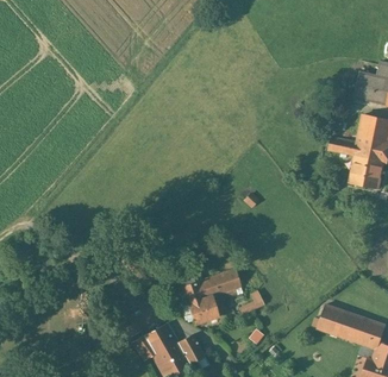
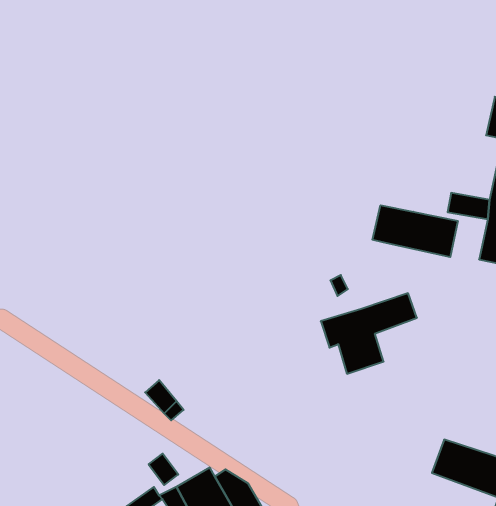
building: none -> [372,205,458,257]
building: [175,269,240,323] -> [321,293,417,374]

